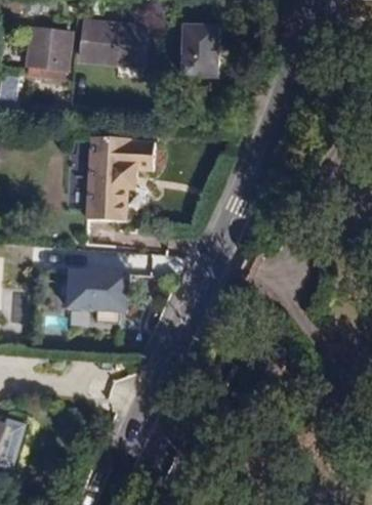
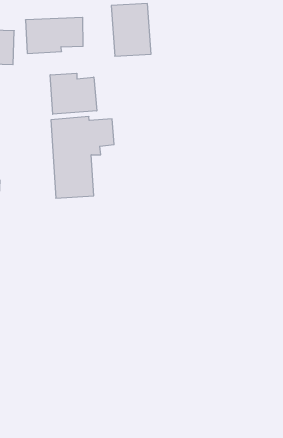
building: none -> [50,73,97,114]
building: [65,266,127,312] -> none

